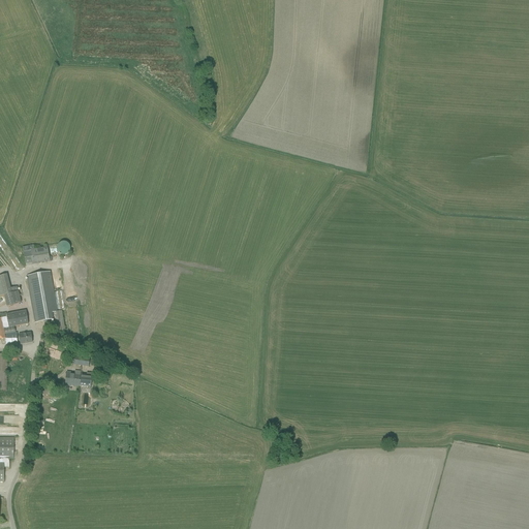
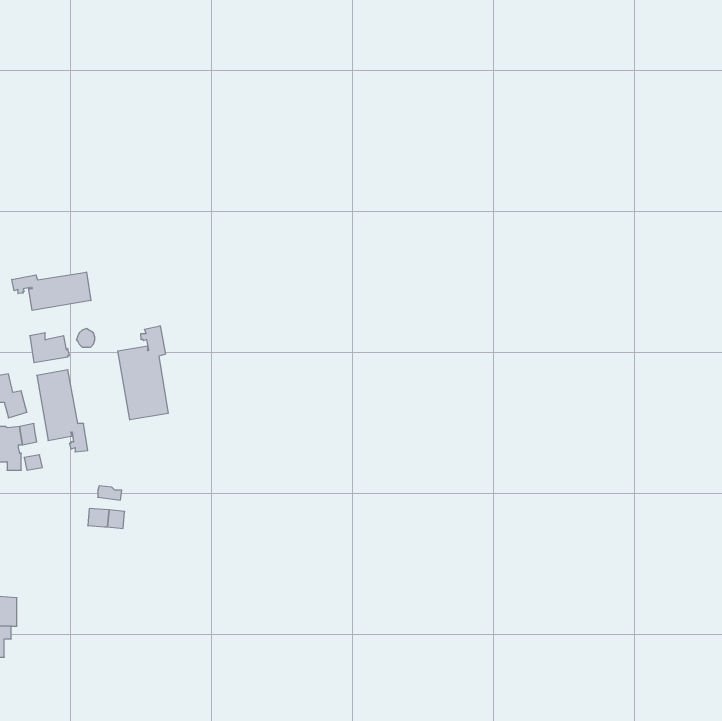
building: none -> [12,272,91,310]
building: none -> [118,326,168,420]

